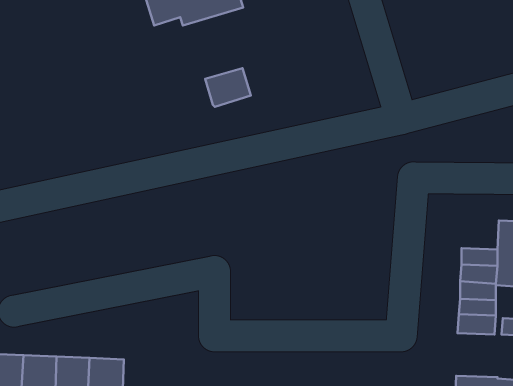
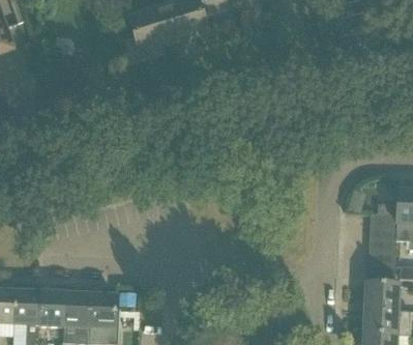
building: [205,68,251,107] -> none
building: none -> [366,283,399,310]

